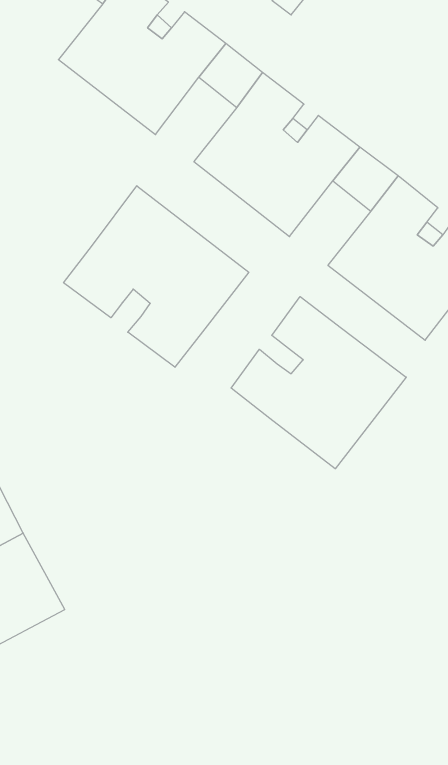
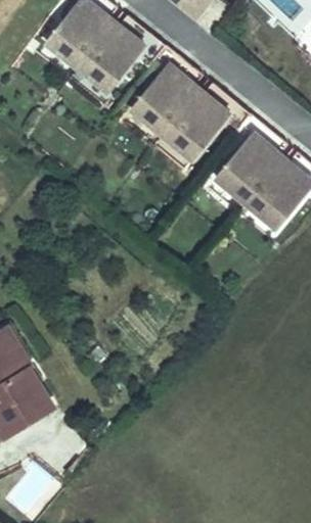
building: [64,186,249,367] -> none
building: [231,297,406,469] -> none

